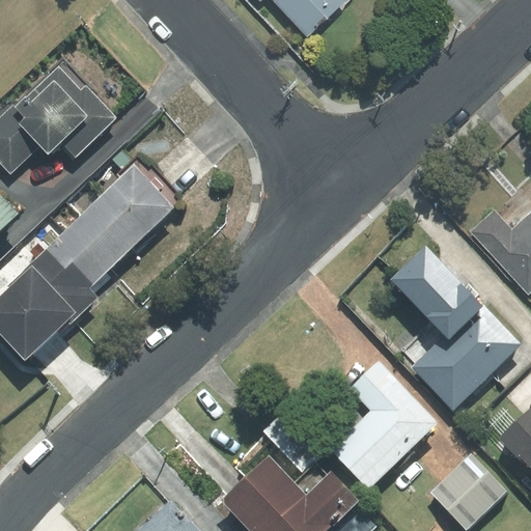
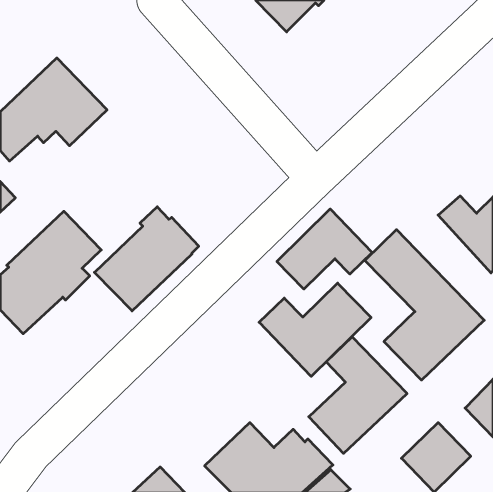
building: [68,158,180,270] -> [94,207,199,311]
building: none -> [277,209,372,289]
building: none -> [259,283,371,376]

